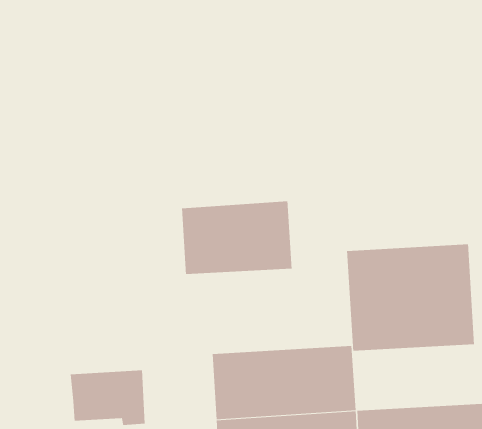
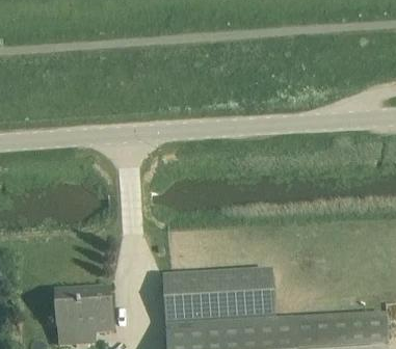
building: [181,201,292,275] -> none
building: [347,244,475,352] -> none

